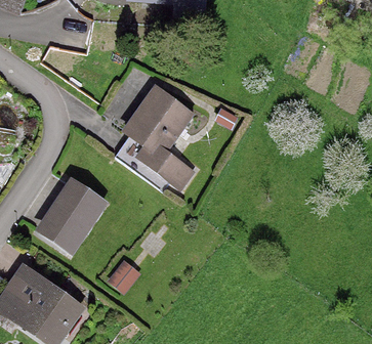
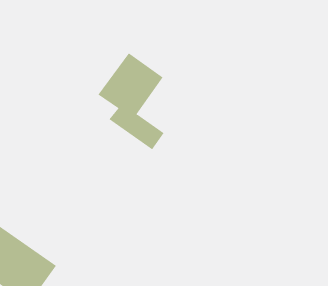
building: [40,181,109,257] -> none

